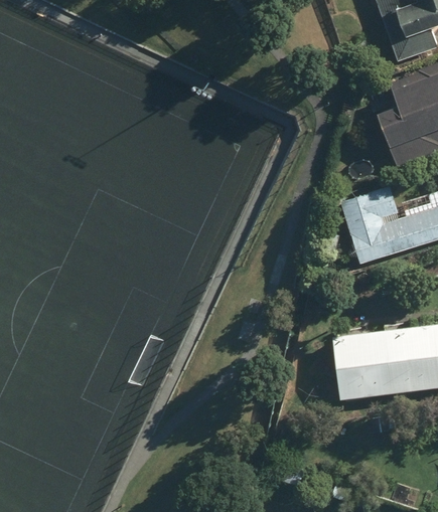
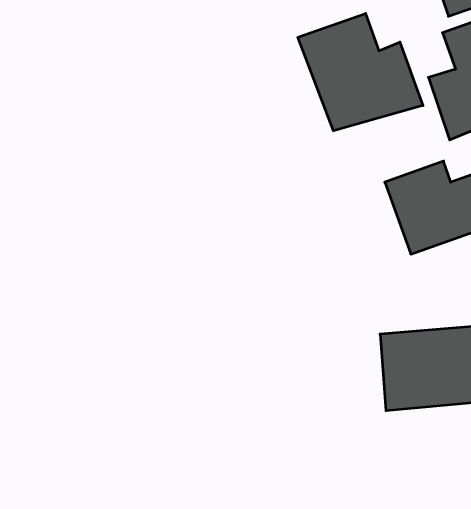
building: none -> [298,13,423,131]

